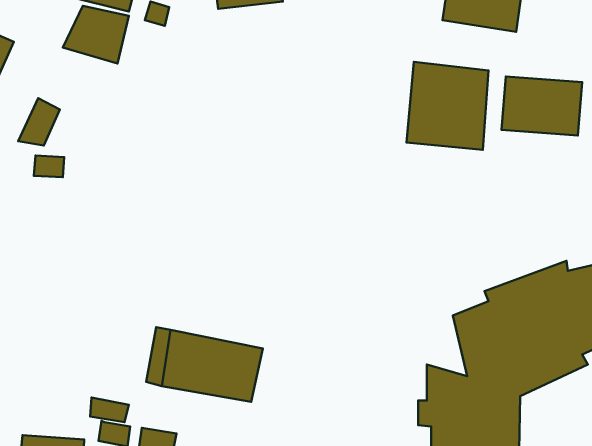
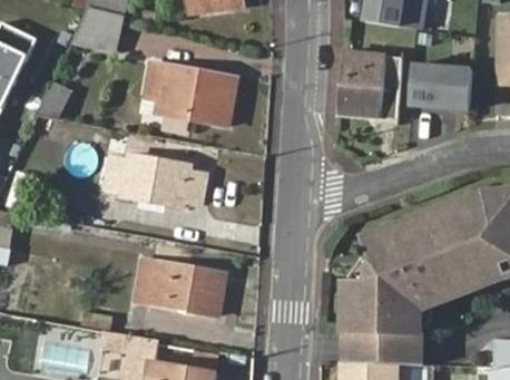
building: none -> [146,62,237,127]
building: none -> [107,154,206,208]

